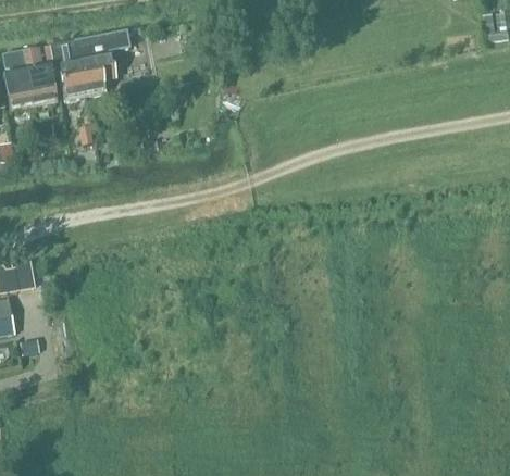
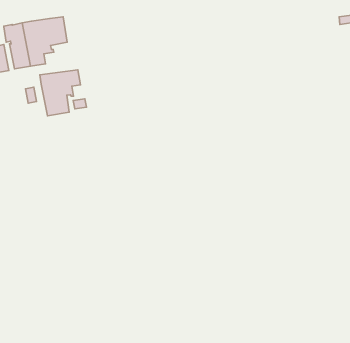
building: none -> [40,70,80,116]

